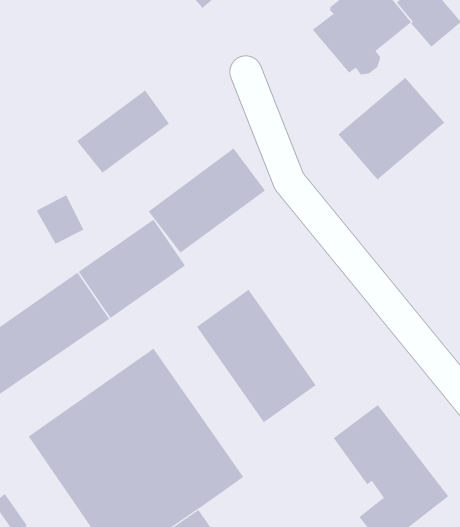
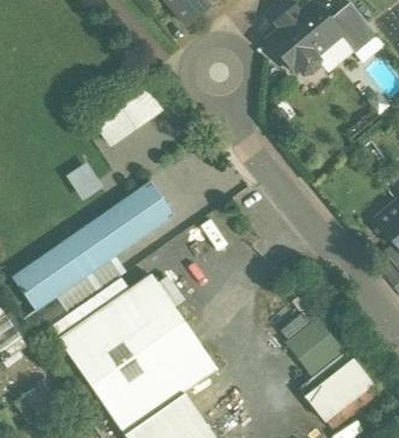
building: [338,77,445,181] -> none
building: [148,148,266,253] -> none
building: [196,289,316,423] -> none

